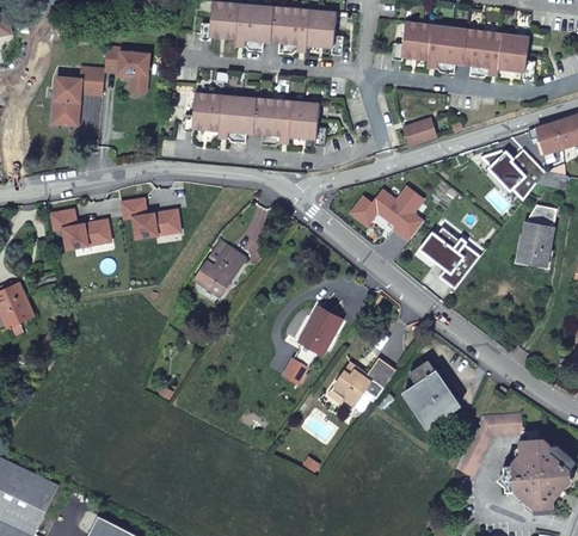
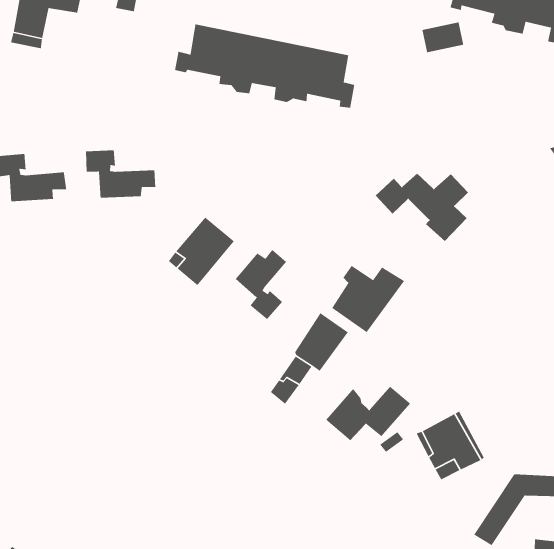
building: [401,117,436,144] -> [421,22,464,53]
building: [423,226,479,288] -> none
building: none -> [235,249,287,320]
building: none -> [331,265,405,333]

